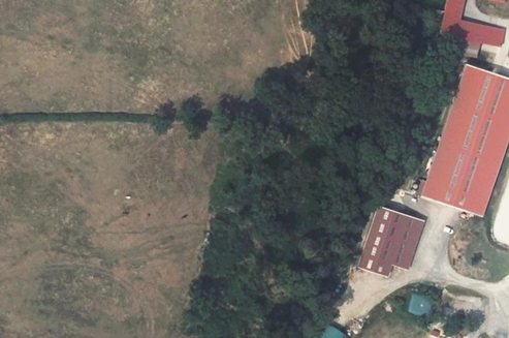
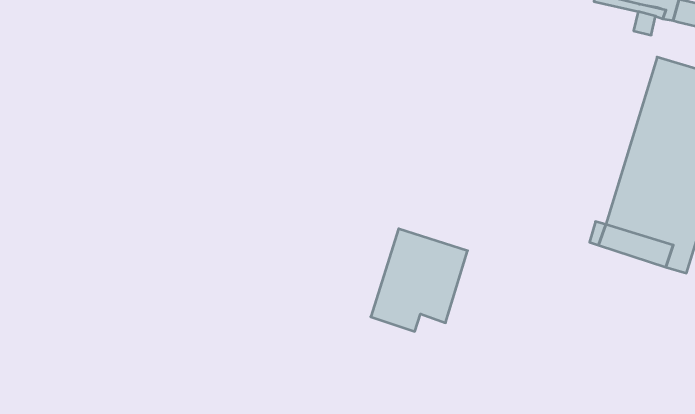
building: [356,205,424,277] -> [371,229,468,331]

